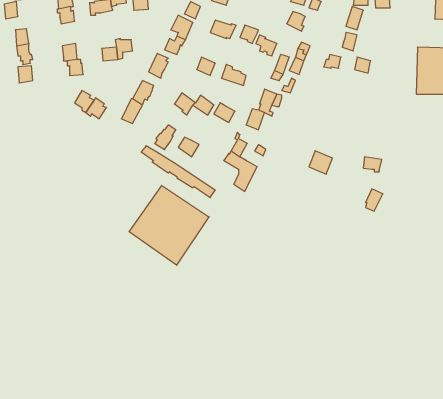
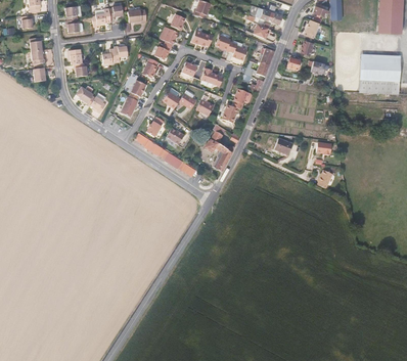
building: [129,185,209,265] -> none

